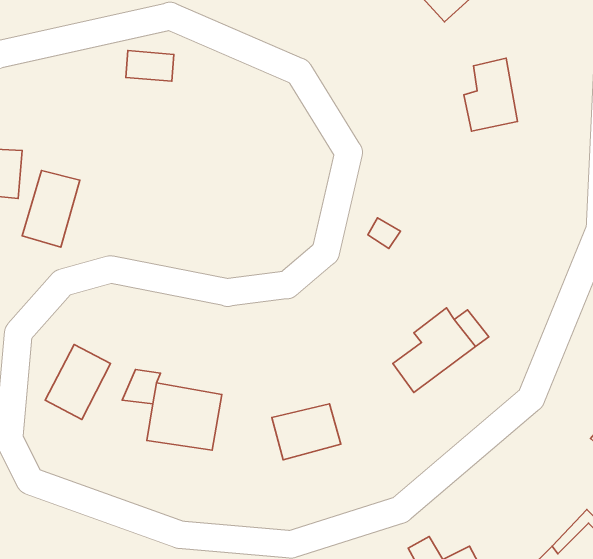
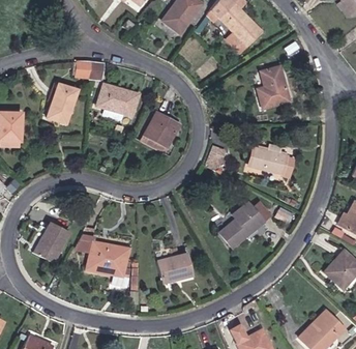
building: none -> [96,82,140,116]
building: none -> [144,112,181,151]
building: [22,170,80,247] -> [47,83,78,124]
building: none -> [251,148,294,176]

